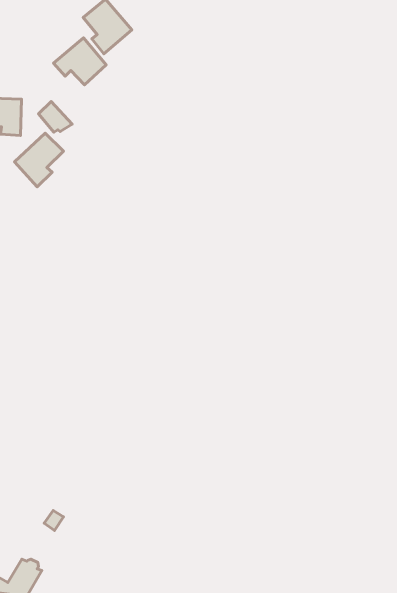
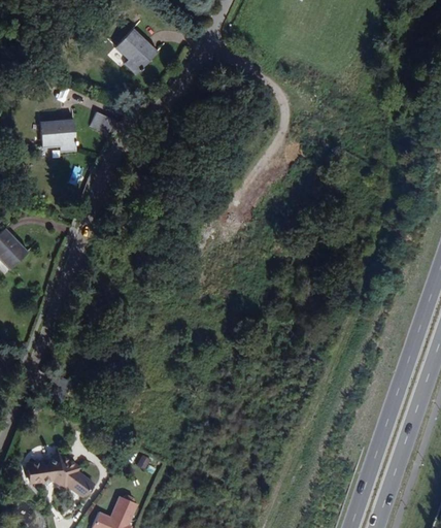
building: [53,38,106,85] -> none
building: [14,133,64,187] -> none

